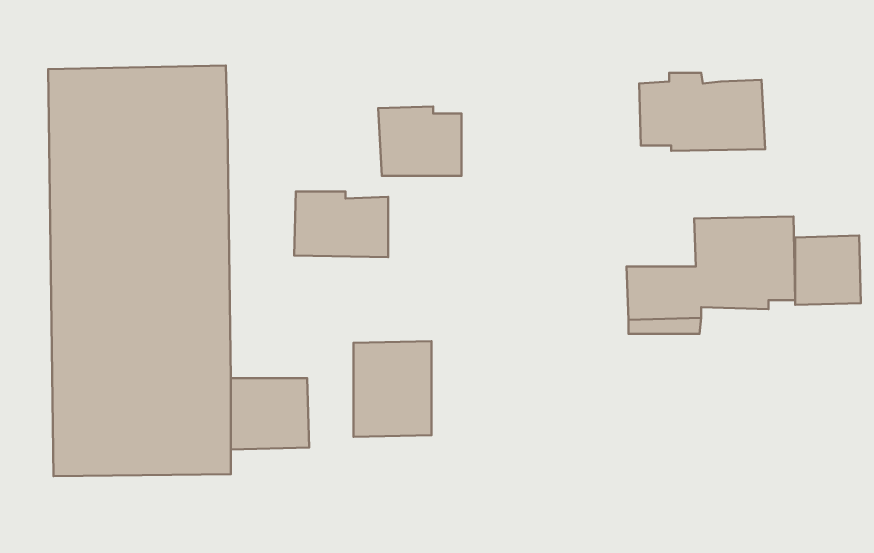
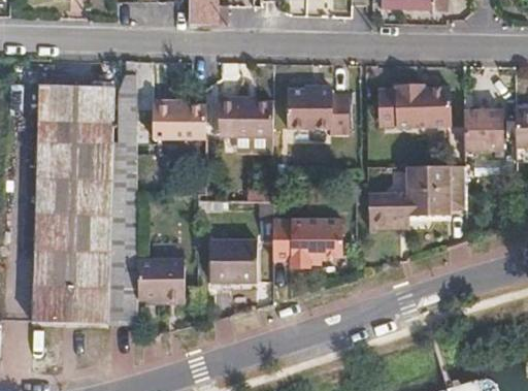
building: none -> [285,85,345,130]
building: [294,191,388,257] -> [148,103,203,141]
building: [795,236,861,305] -> [465,110,503,151]
building: none -> [273,220,345,272]

